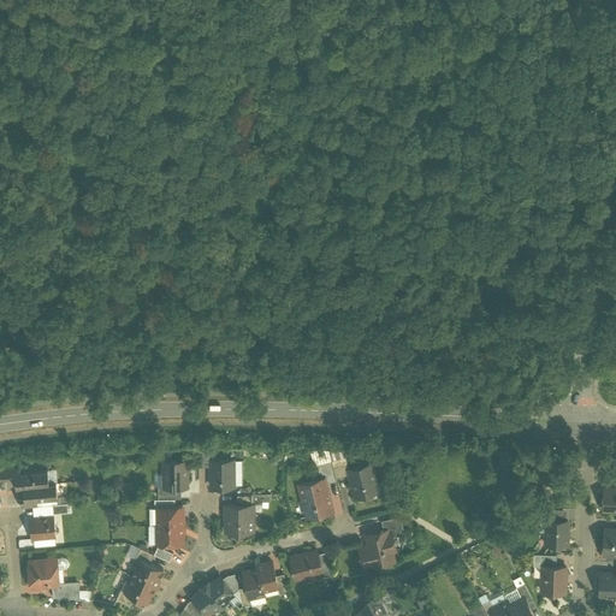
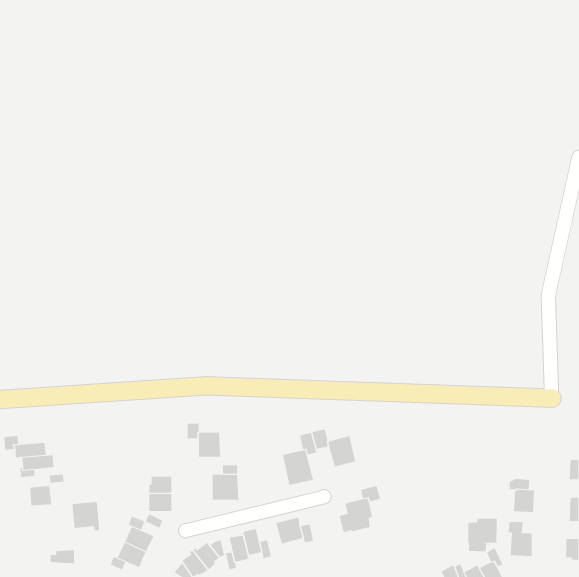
building: [158,462,188,500] -> none
building: none -> [468,518,497,552]
building: [29,559,59,591] -> [72,502,100,531]

